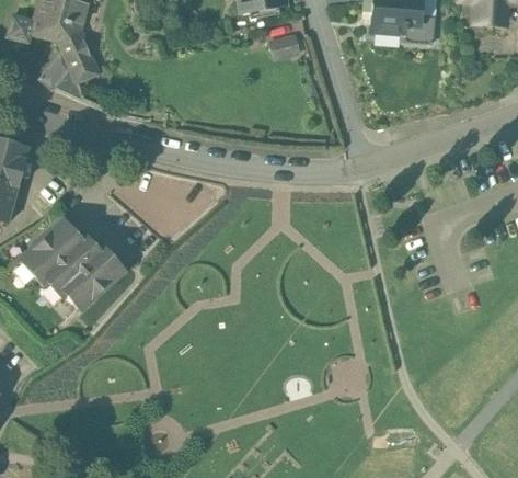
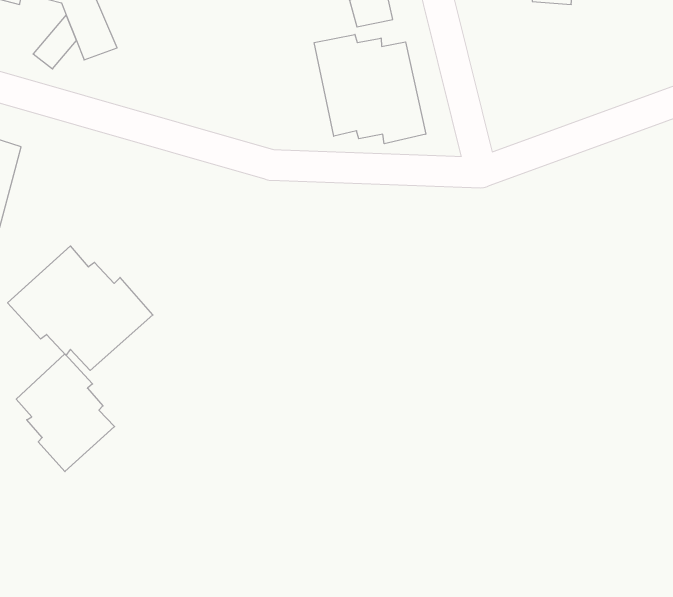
building: none -> [314,34,426,144]
building: none -> [16,354,115,472]

